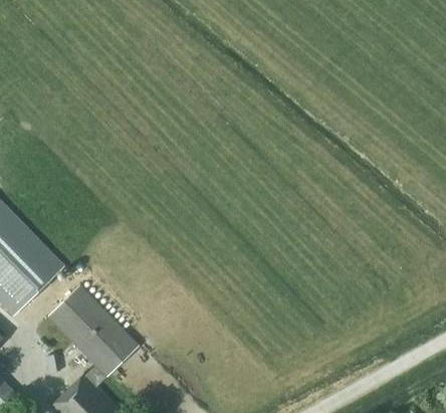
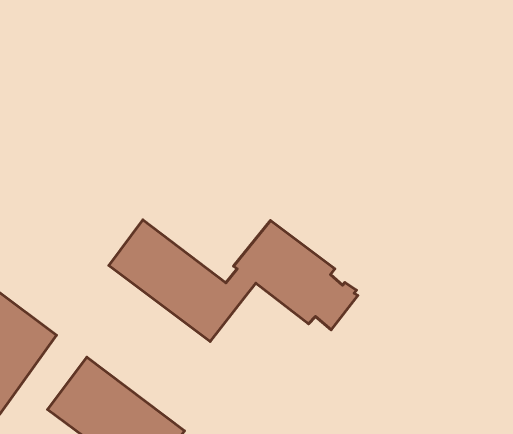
building: none -> [109,220,358,342]

